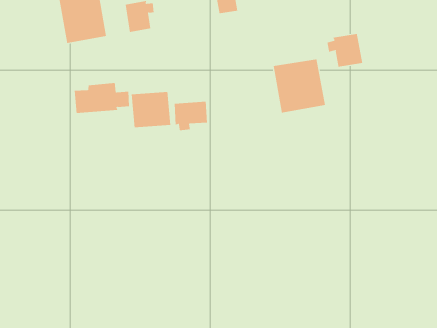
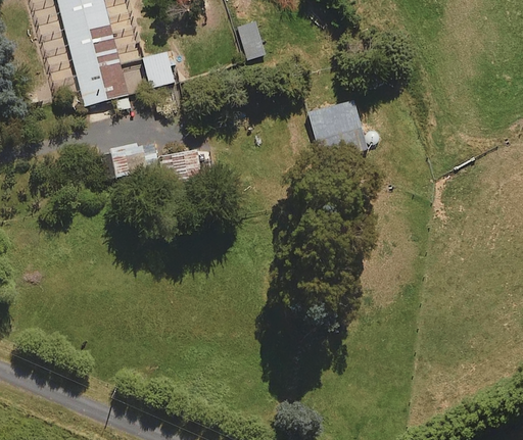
building: [327,33,363,68] -> none
building: [174,101,207,131] -> none

